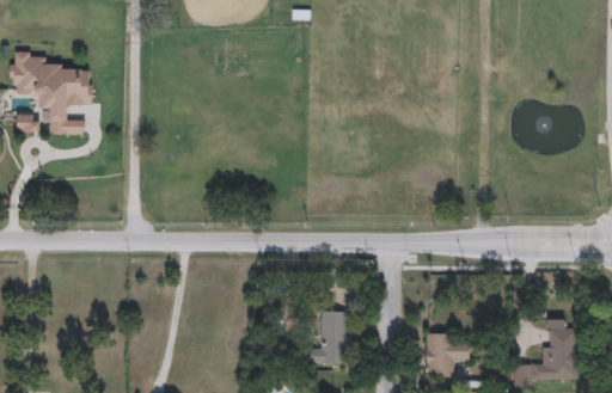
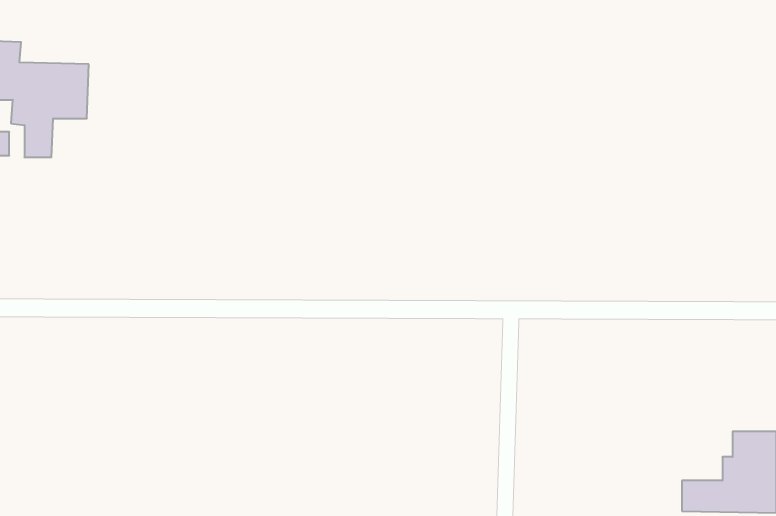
building: [307,309,350,363] -> none
building: [423,332,469,376] -> none

